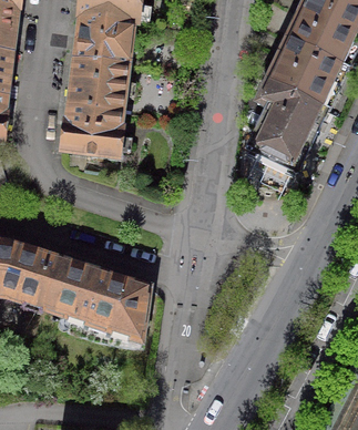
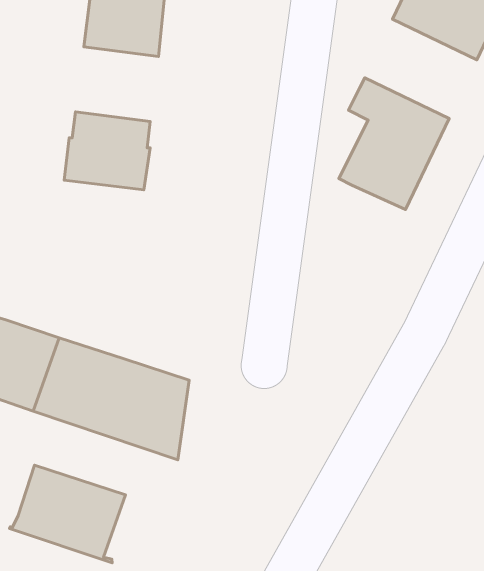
building: [267,37,344,106] -> none
building: [70,58,126,109] -> none
building: none -> [10,465,126,563]

